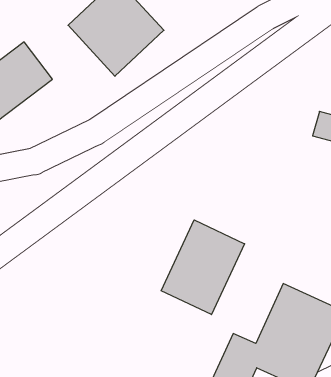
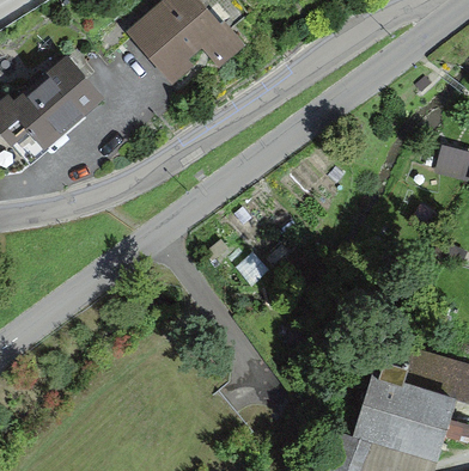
building: [161,220,245,315] -> none

